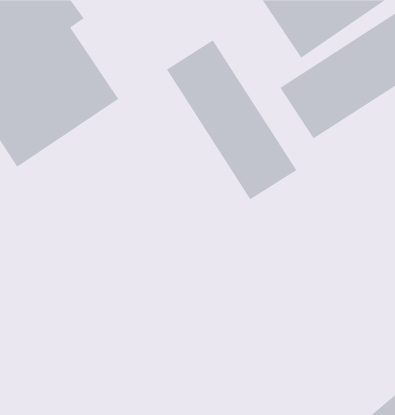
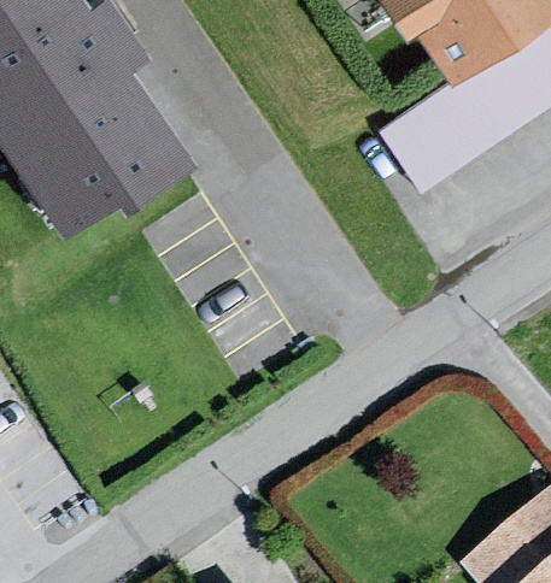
building: [166,39,297,200] -> none

